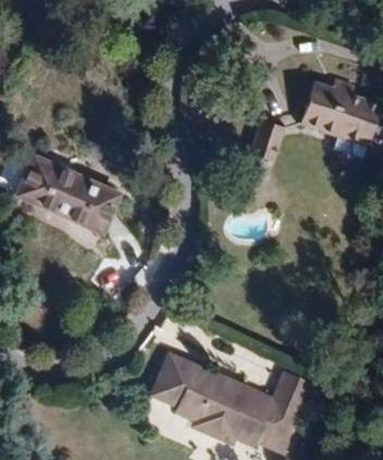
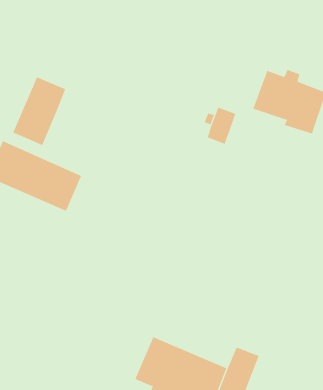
building: none -> [12,76,66,146]
building: [145,351,196,411] -> none

